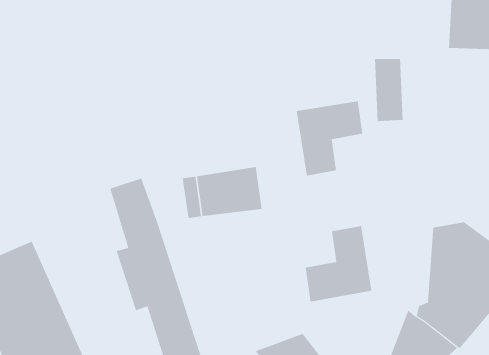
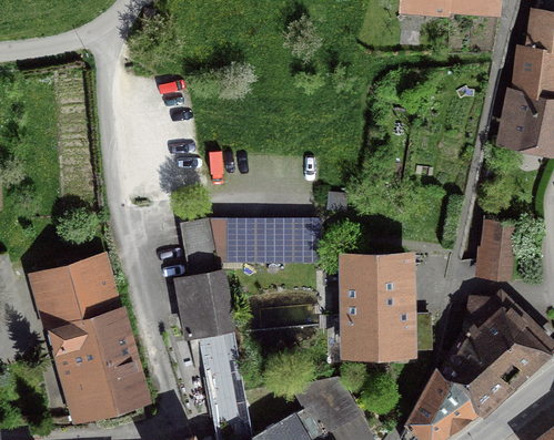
building: [374,59,403,121] -> [486,219,516,279]
building: [296,101,363,176] -> [347,256,406,318]
building: none -> [212,221,248,258]

